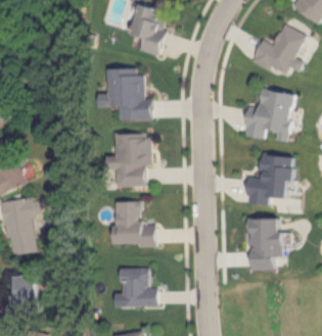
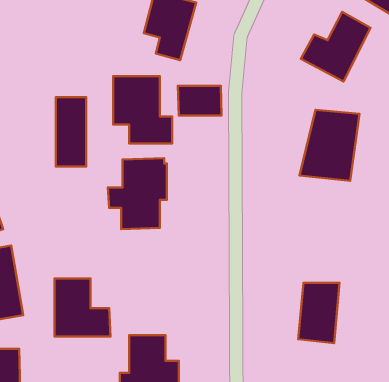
building: none -> [178,86,222,115]
building: none -> [56,97,86,166]
building: [248,156,295,217] -> none
building: [113,201,156,245] -> [54,279,111,336]

